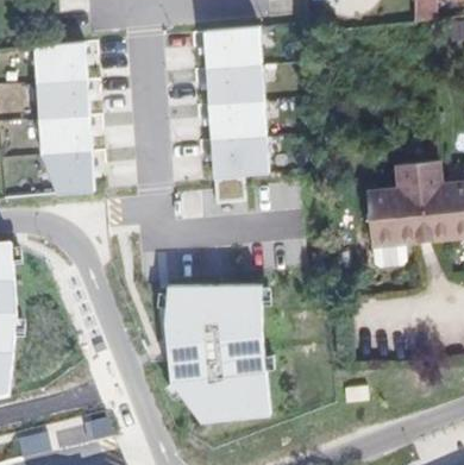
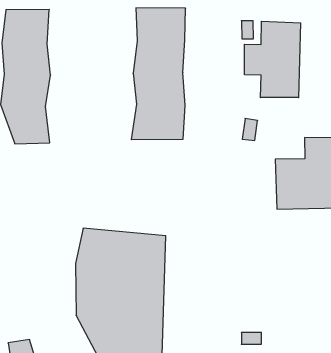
building: none -> [245,21,301,98]

